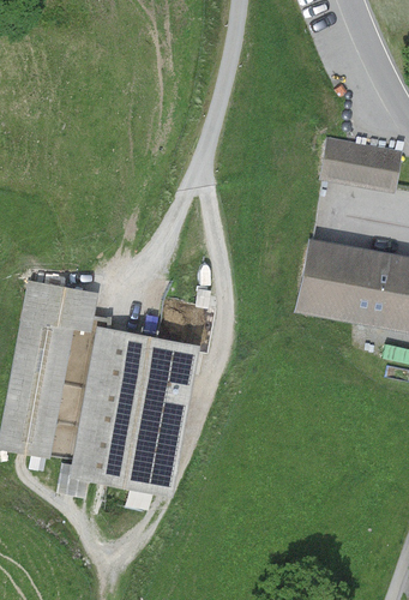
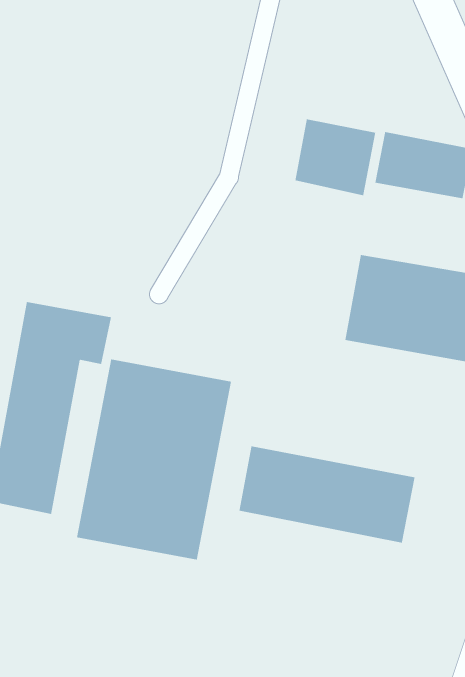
building: none -> [295,119,376,196]
building: none -> [239,446,415,544]

